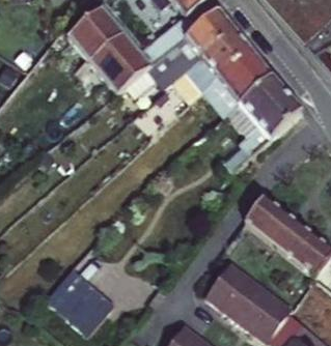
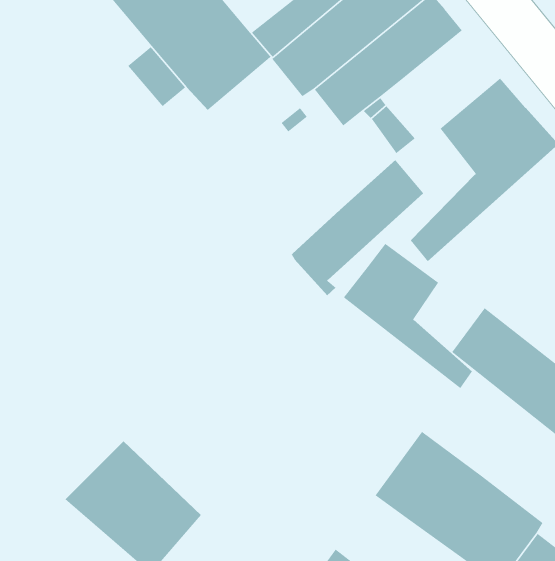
building: [219,50,272,102] -> none
building: none -> [290,159,424,296]
building: none -> [343,243,473,389]

